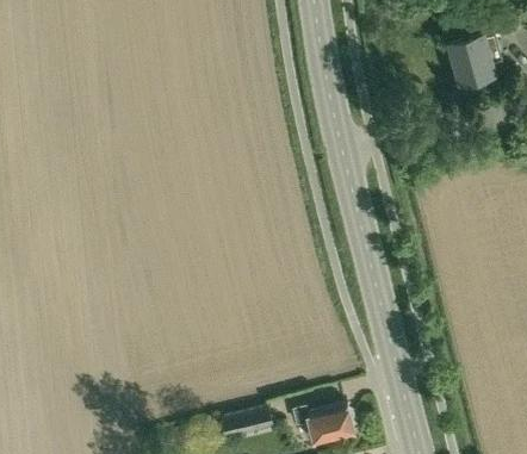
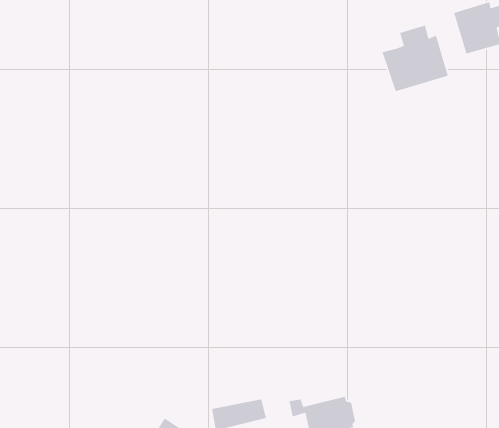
building: none -> [381,25,449,92]

